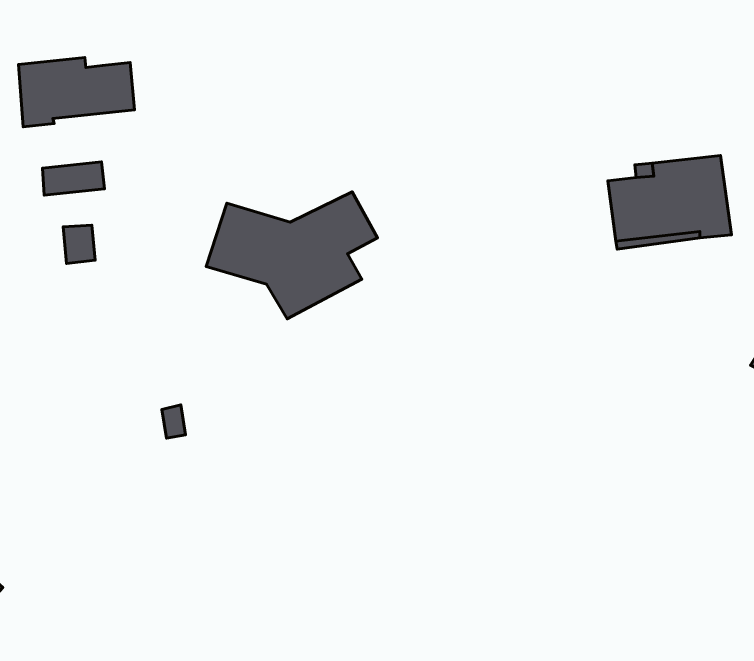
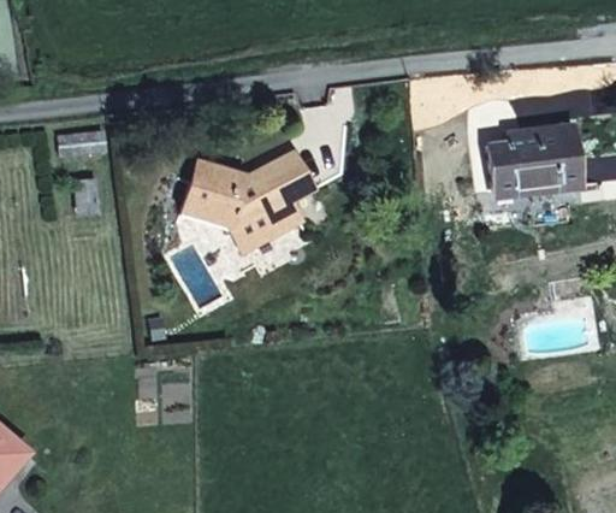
building: [19,58,134,127] -> none

